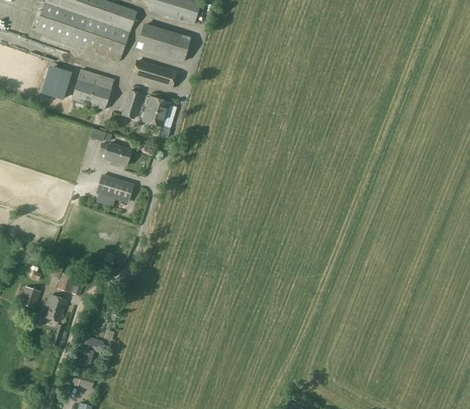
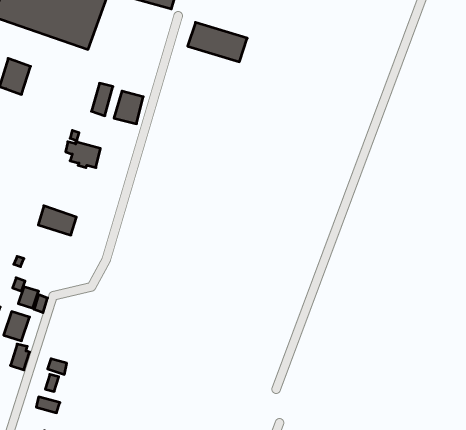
building: [135,25,189,61] -> [188,22,247,62]
building: [131,61,176,89] -> none
building: [72,70,113,108] -> none
building: [97,175,131,201] -> [38,206,76,235]

